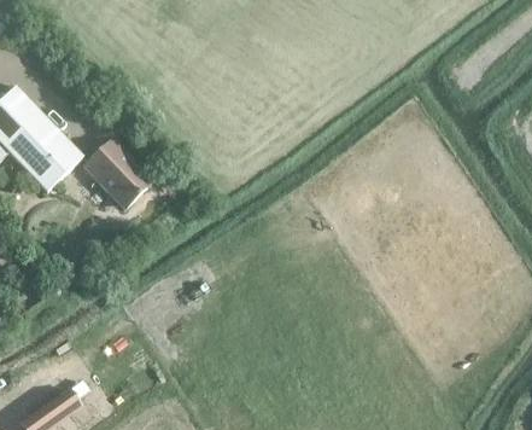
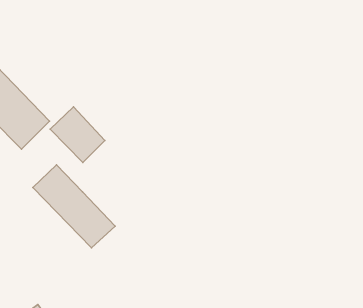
building: none -> [33,165,115,248]

